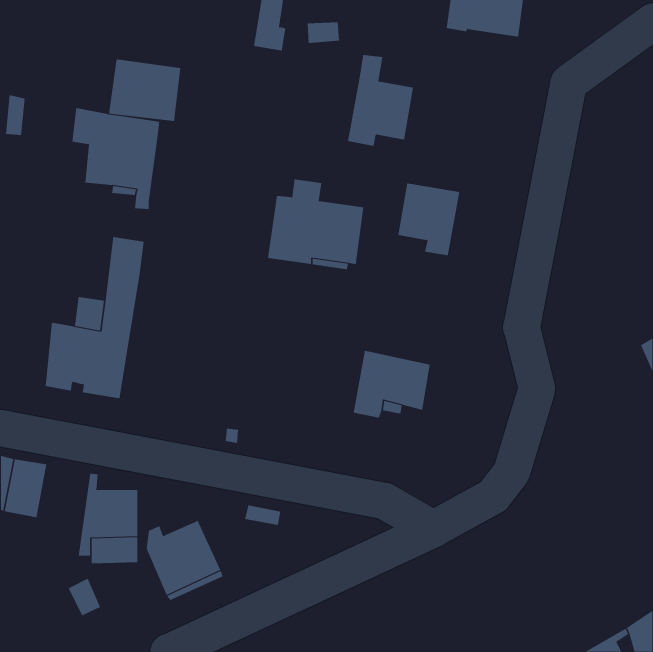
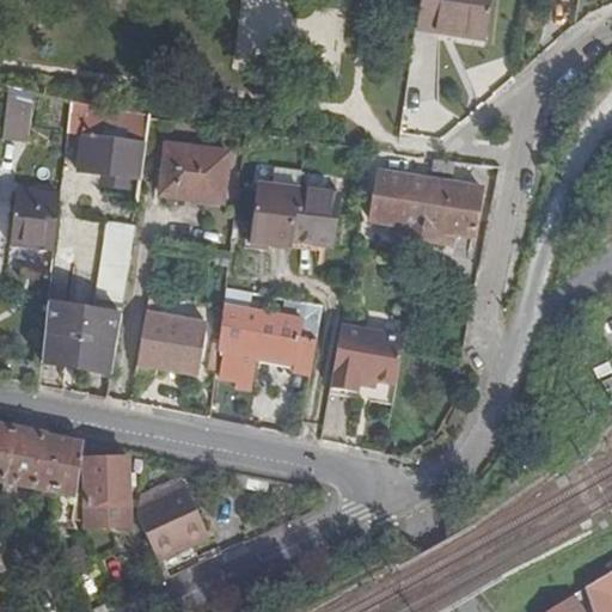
building: [347,54,414,146] -> [420,158,482,244]
building: [108,59,181,121] -> [160,143,228,202]
building: none -> [11,190,60,249]
building: none -> [218,298,323,390]
building: none -> [136,312,207,374]
building: none -> [35,434,84,527]

